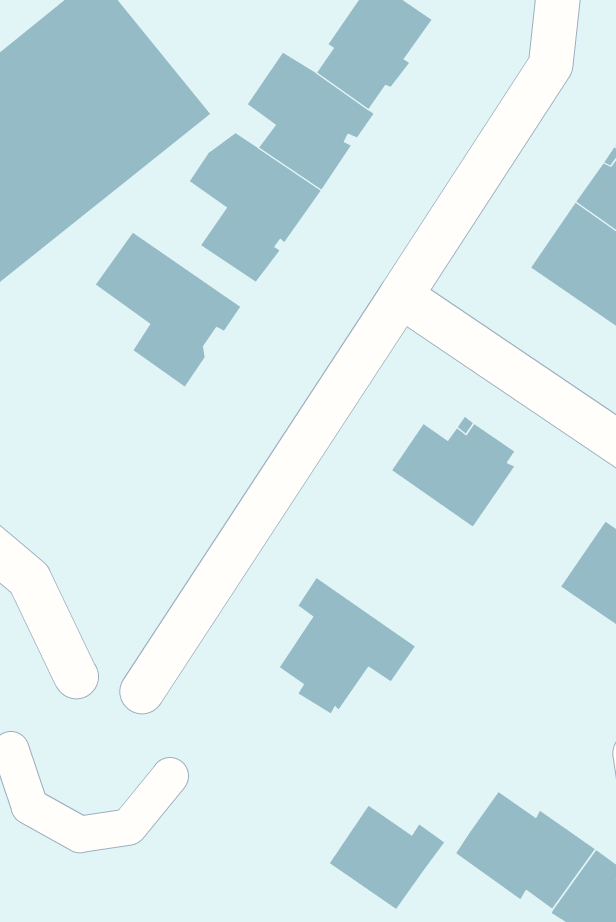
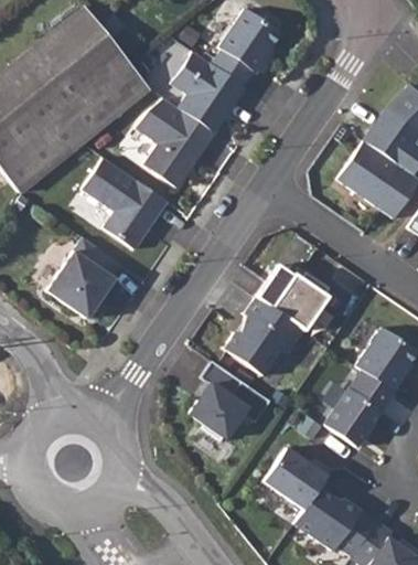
building: none -> [47,237,121,319]
building: none -> [225,298,304,376]
building: none -> [325,390,382,447]
building: [329,805,445,910] -> [264,448,332,510]

